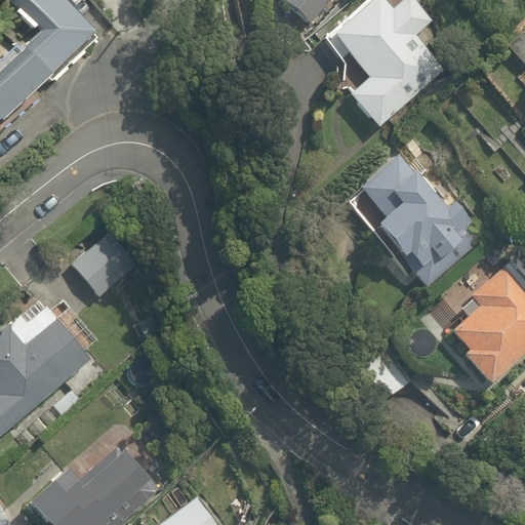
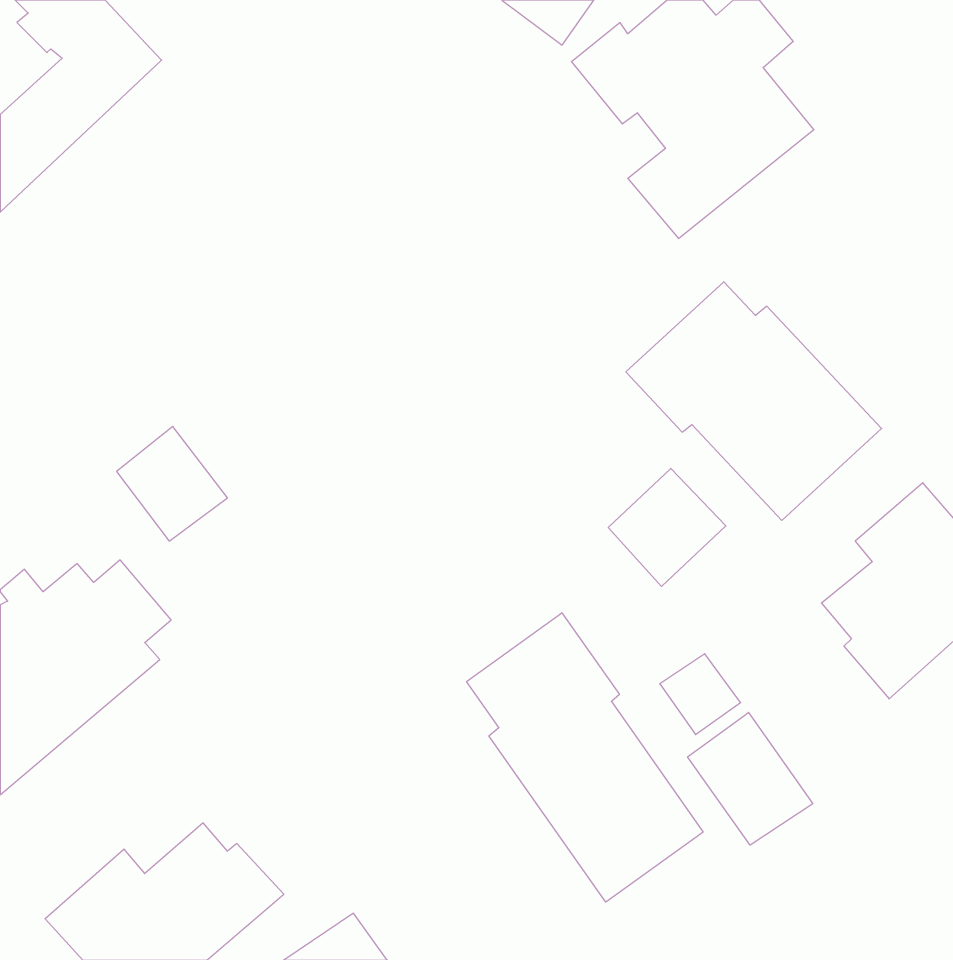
building: none -> [608,468,726,586]
building: none -> [467,613,703,902]
building: none -> [688,712,813,845]

